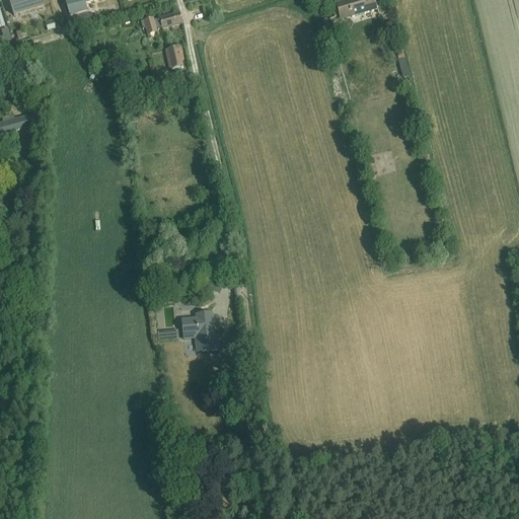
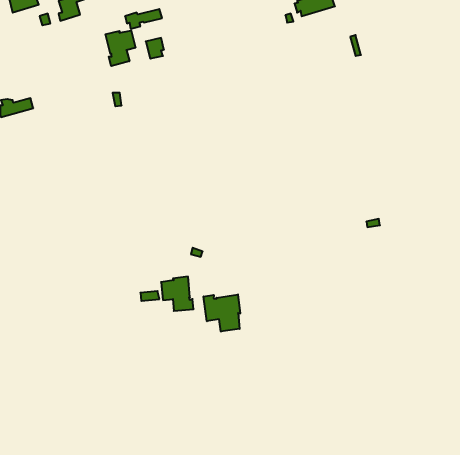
building: none -> [105,30,135,66]
building: none -> [204,294,240,332]

